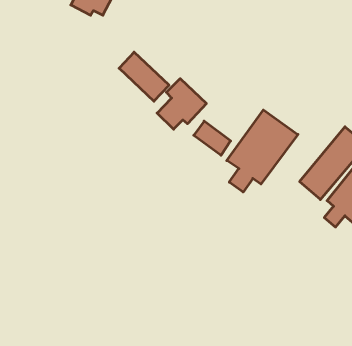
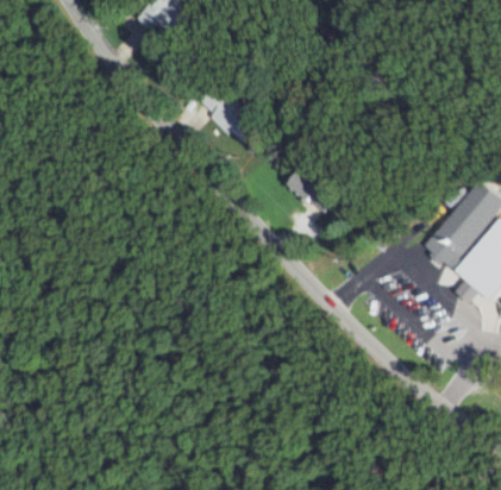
building: [157,79,206,129] -> none
building: [227,110,298,192] -> none

